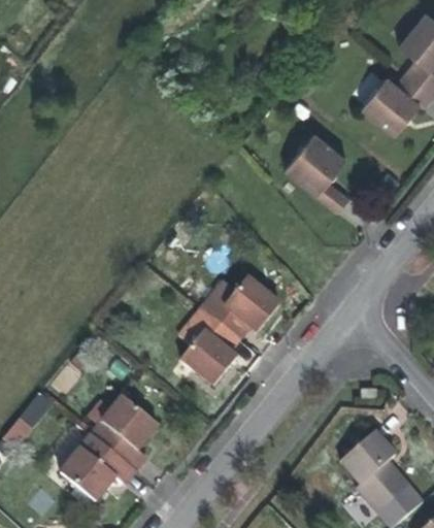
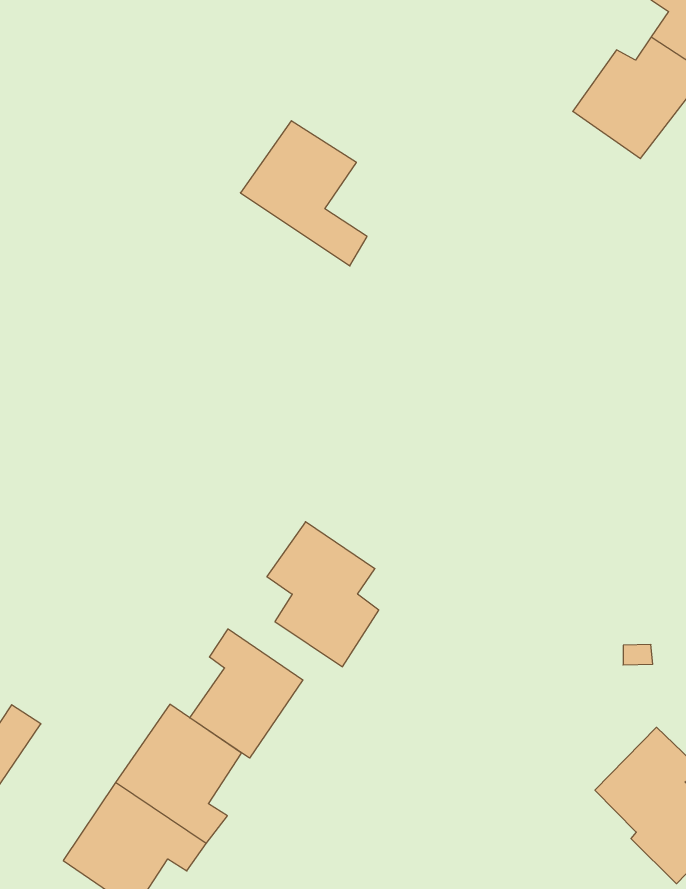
building: [285,133,348,211] -> [240,121,367,266]
building: [202,277,280,335] -> none
building: none -> [190,629,303,758]

